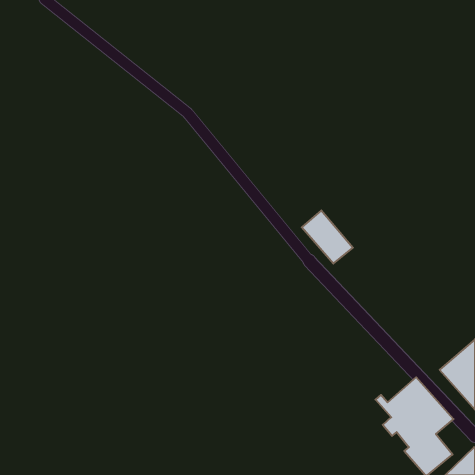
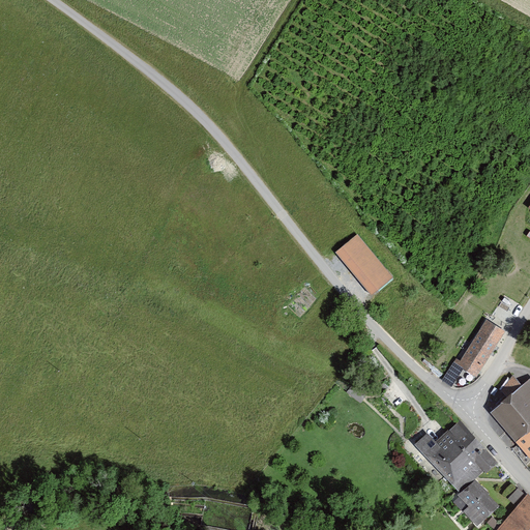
building: none -> [441,318,505,385]

